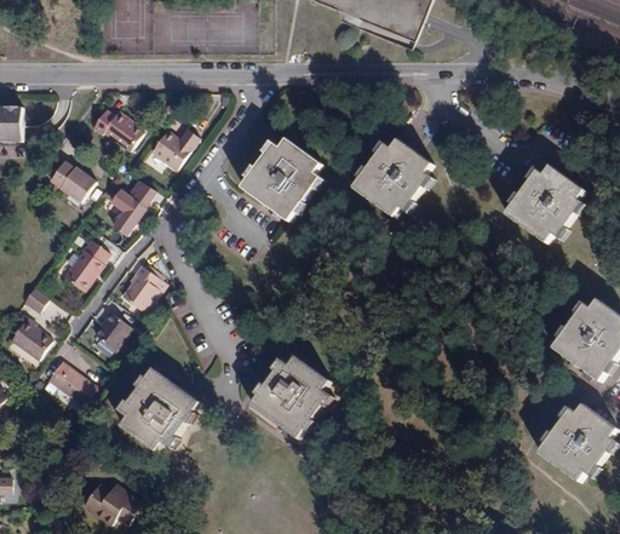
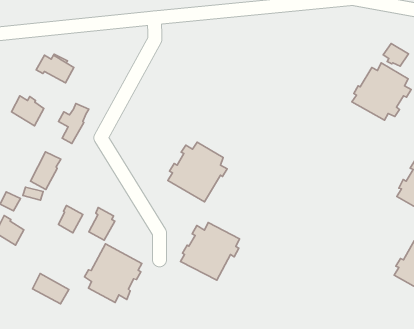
building: [148,126,195,166] -> none
building: [242,139,323,220] -> [168,142,227,202]
building: [354,139,434,217] -> none
building: none -> [383,43,409,66]
building: [121,265,157,310] -> [89,208,115,240]
building: [48,361,97,404] -> [33,274,69,304]

